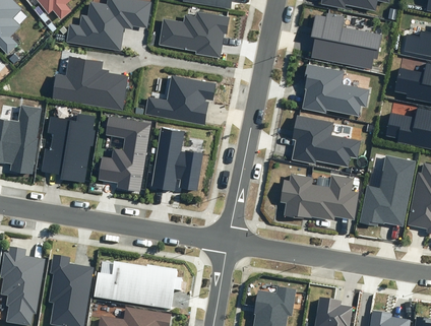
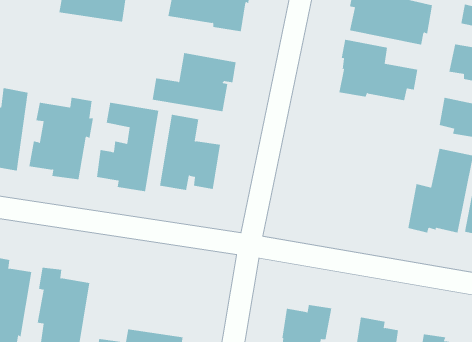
building: [51,57,127,111] -> none
building: [291,115,360,167] -> none
building: [280,174,359,220] -> none
building: [93,261,182,309] -> none

